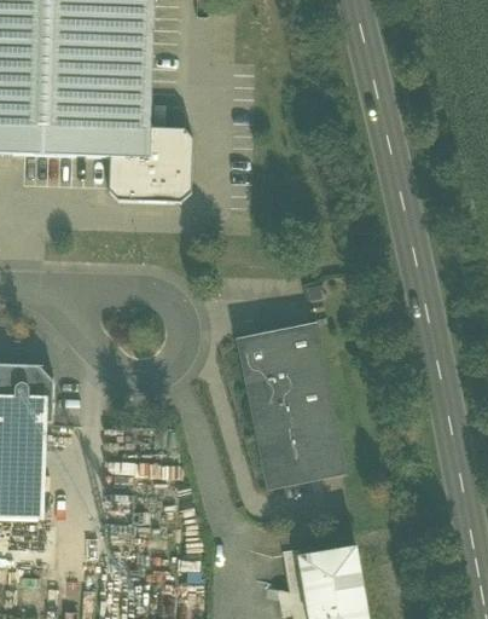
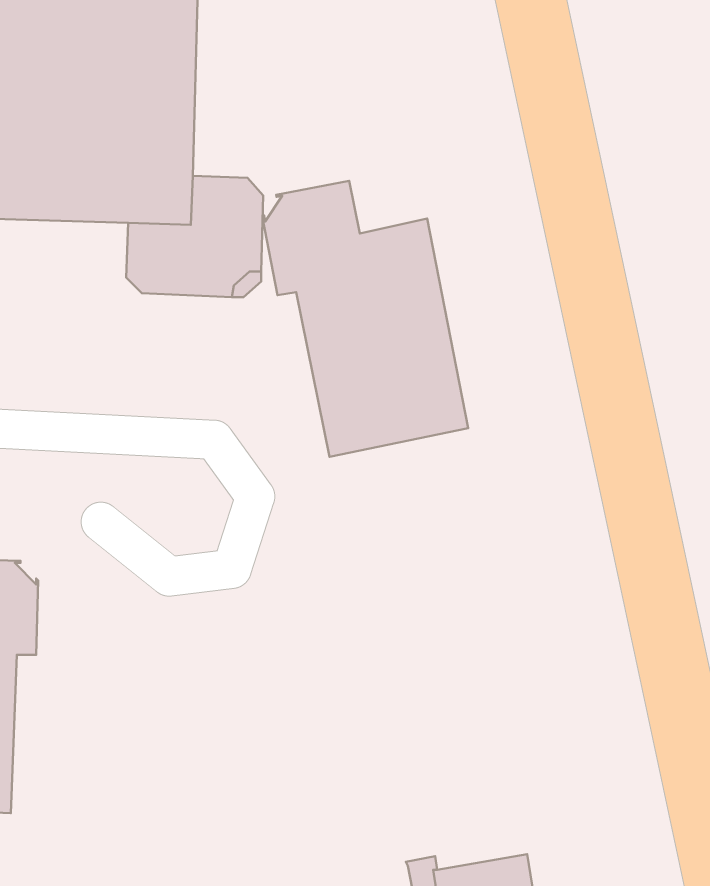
building: none -> [263,181,468,457]
building: [243,326,341,480] -> none

